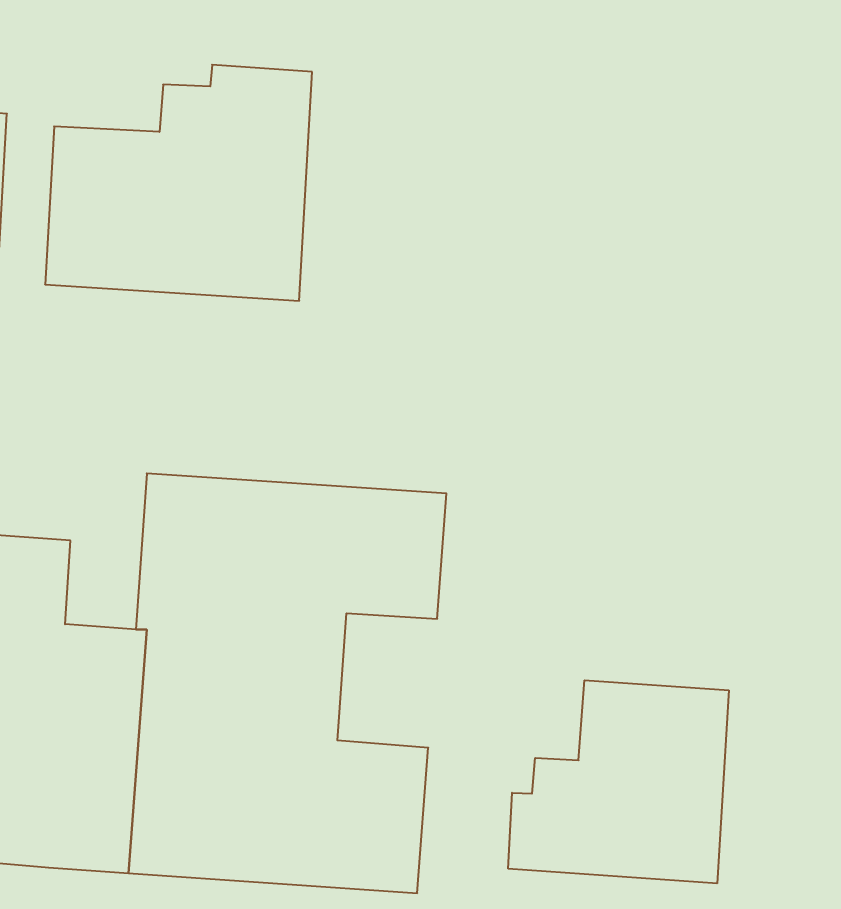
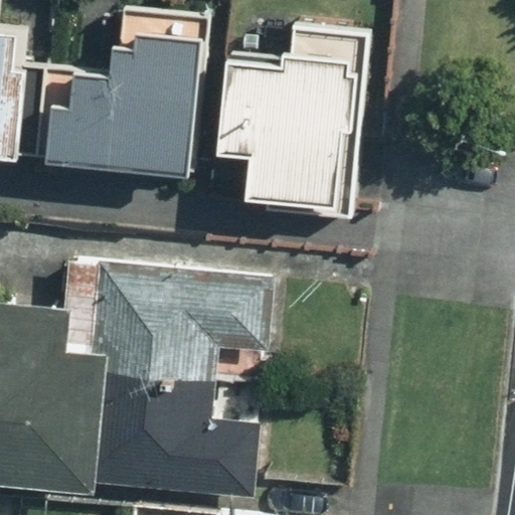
building: none -> [228,62,352,198]
building: [508,680,729,883] -> none

